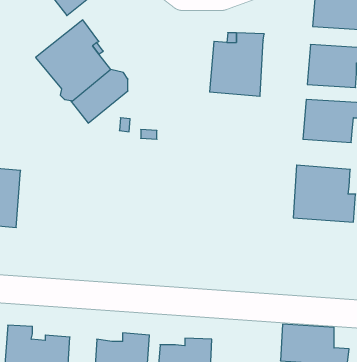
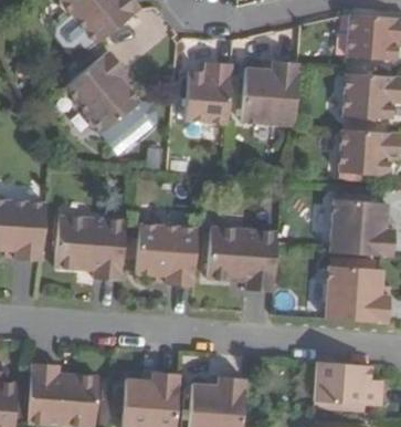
building: none -> [188,65,232,125]
building: none -> [55,217,126,283]
building: none -> [137,220,197,289]
building: none -> [208,230,276,292]
building: none -> [321,263,387,324]

